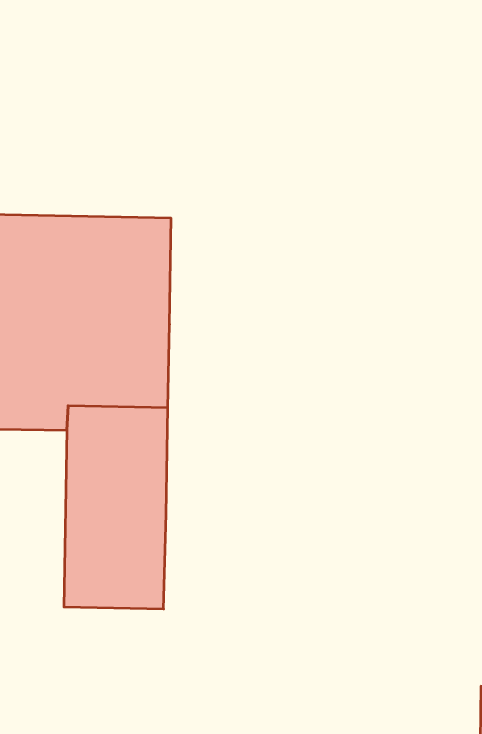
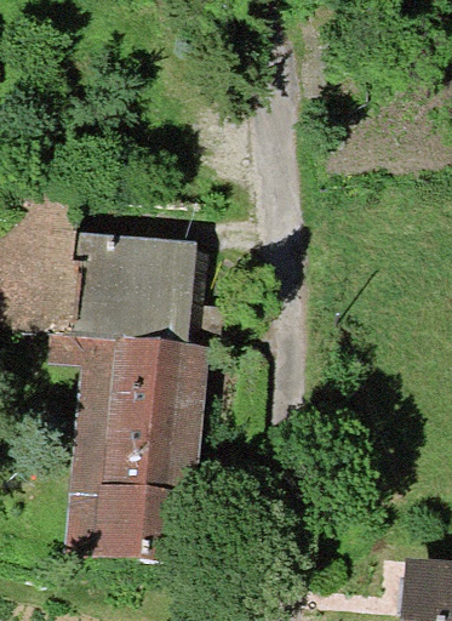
building: none -> [91,497,172,570]

